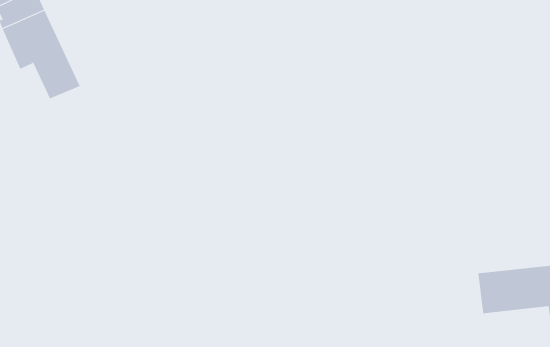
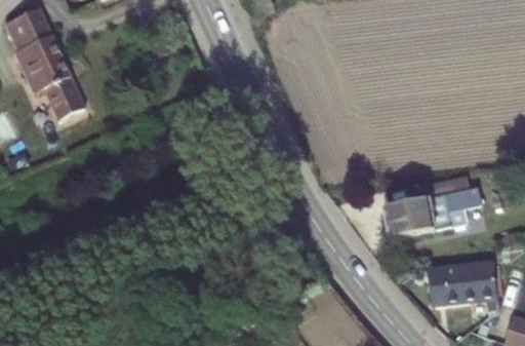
building: none -> [383,174,482,238]

